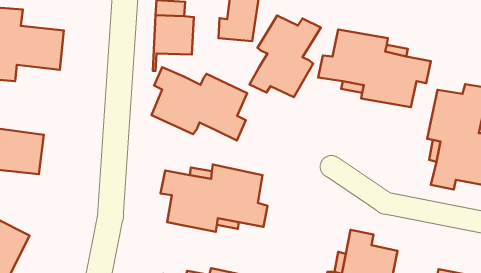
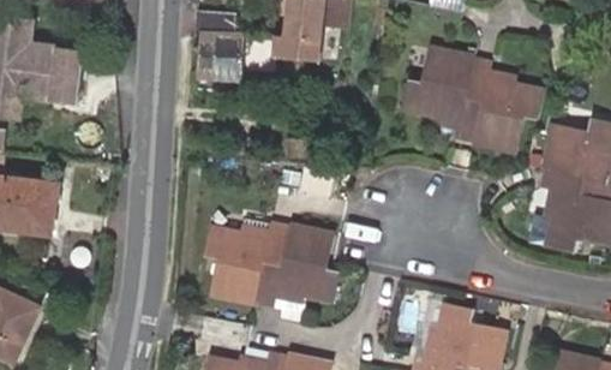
building: [249,15,321,97] -> none
building: [151,67,247,140] -> none

